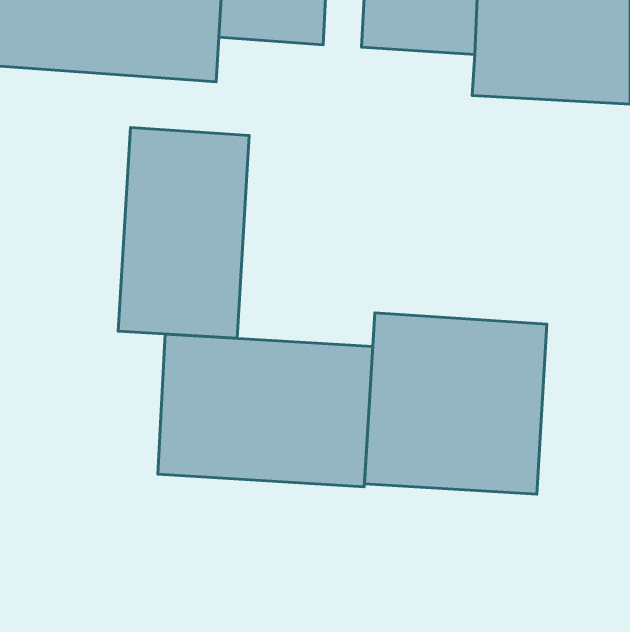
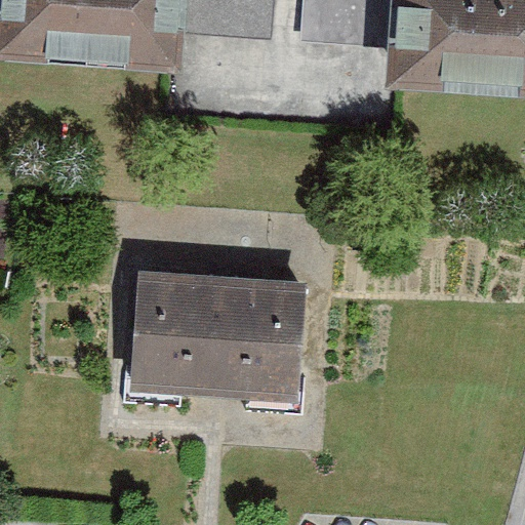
building: [118,128,249,338] -> none
building: [365,313,547,494] -> none

